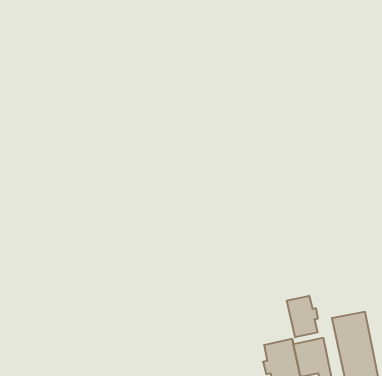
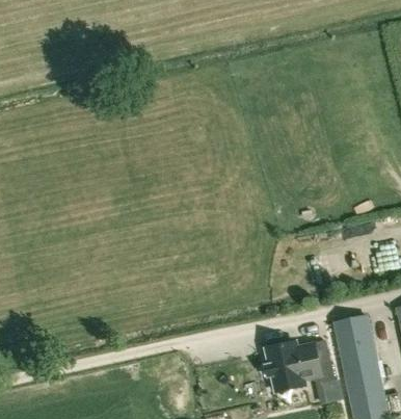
building: [287,296,318,337] -> none

